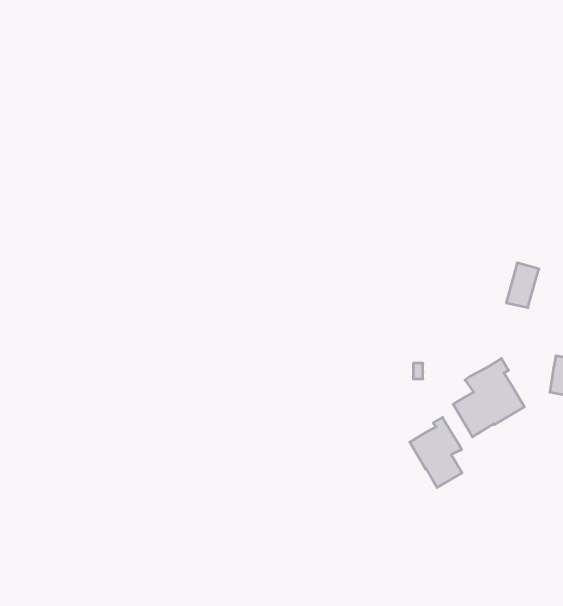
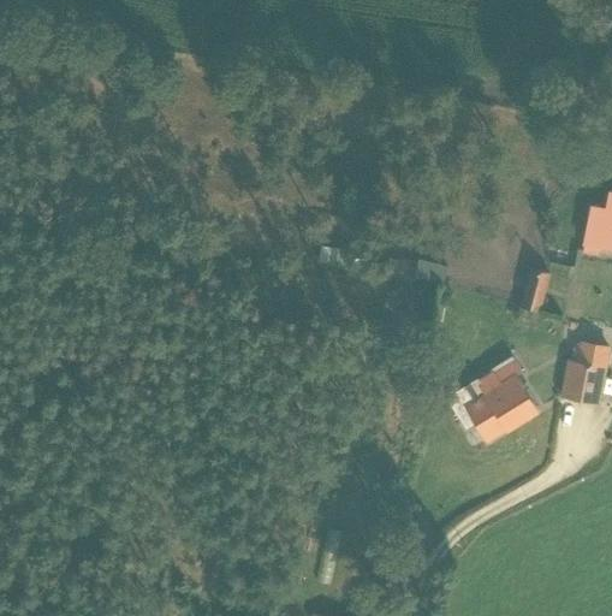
building: [410,417,462,488] -> none

